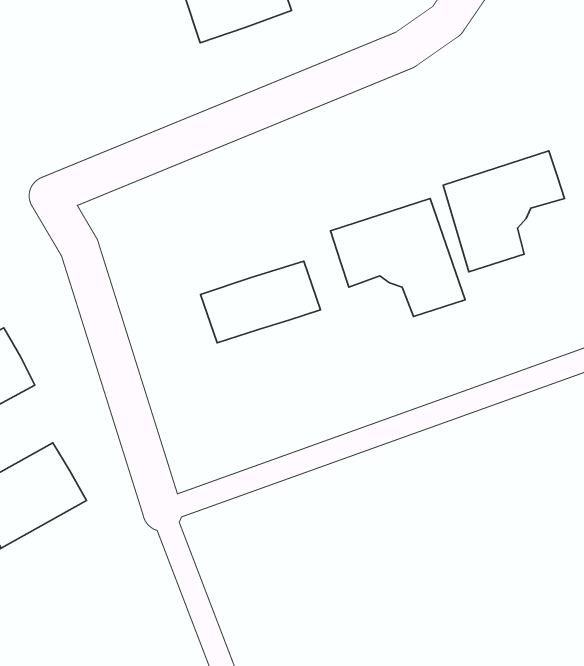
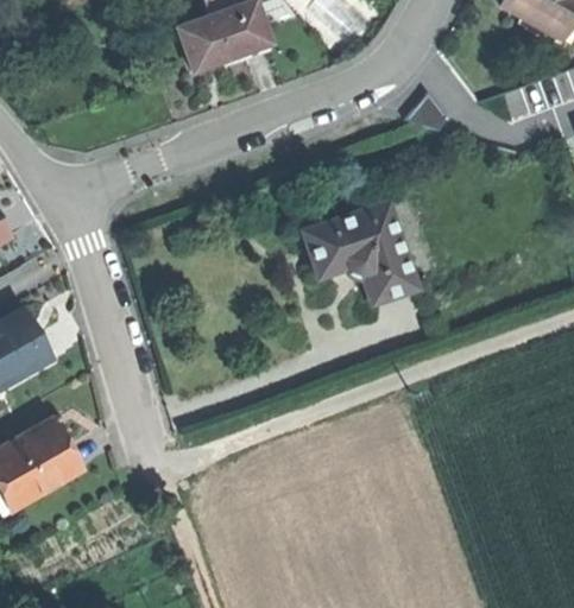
building: [443,151,564,272] -> none
building: [201,261,321,343] -> none

